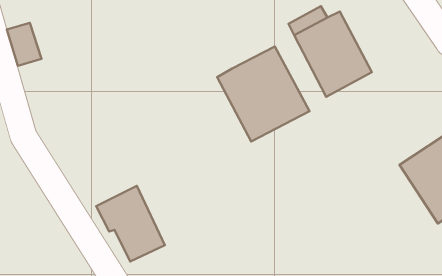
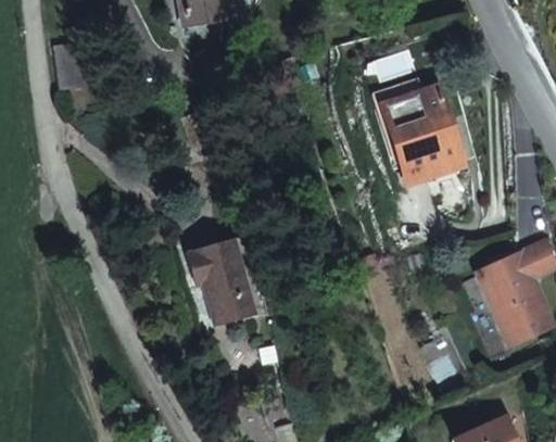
building: [217,47,310,141] -> none
building: [96,186,165,261] -> [185,238,255,323]

